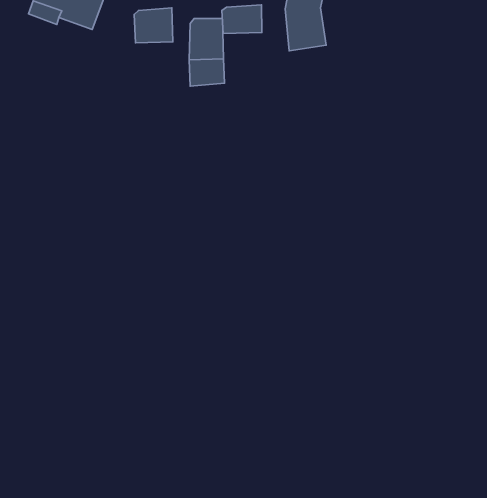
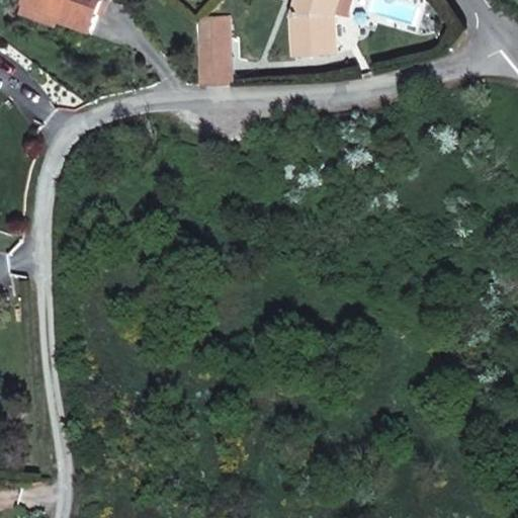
building: [222,5,262,34] -> none
building: [134,8,173,43] -> none

